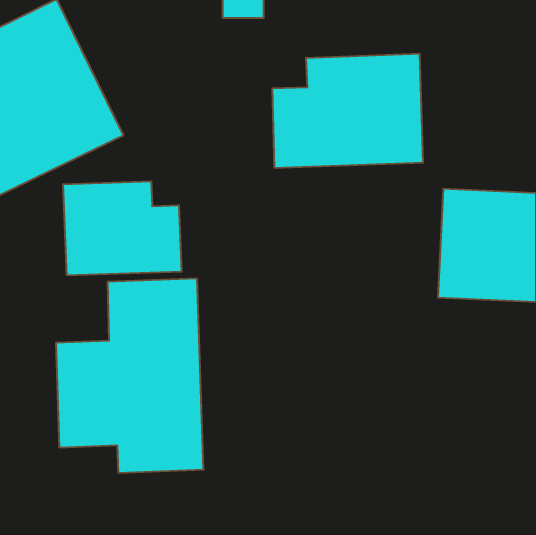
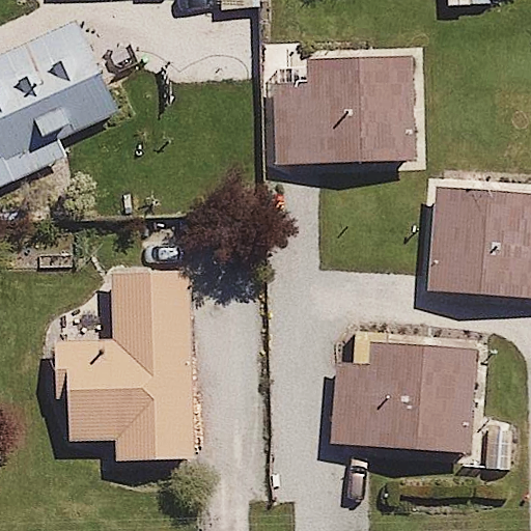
building: [63,181,182,275] -> none
building: none -> [333,344,478,445]

